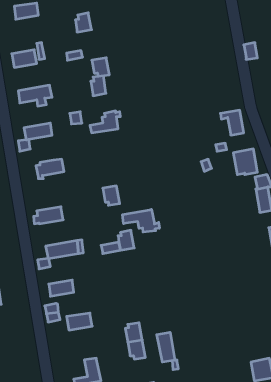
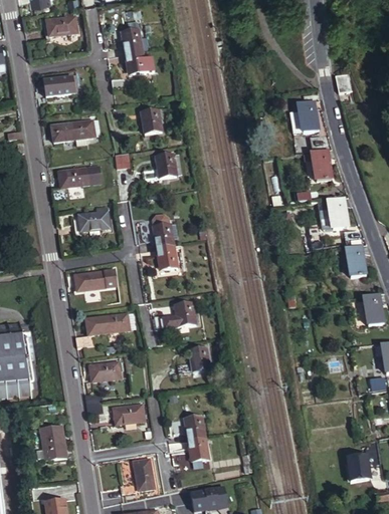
building: [92,58,109,76] -> [125,49,147,72]
building: none -> [289,101,318,134]
building: none -> [154,223,174,247]
building: [123,209,159,232] -> none
building: none -> [178,346,207,372]
building: none -> [36,425,64,459]
building: [157,332,175,362] -> none

